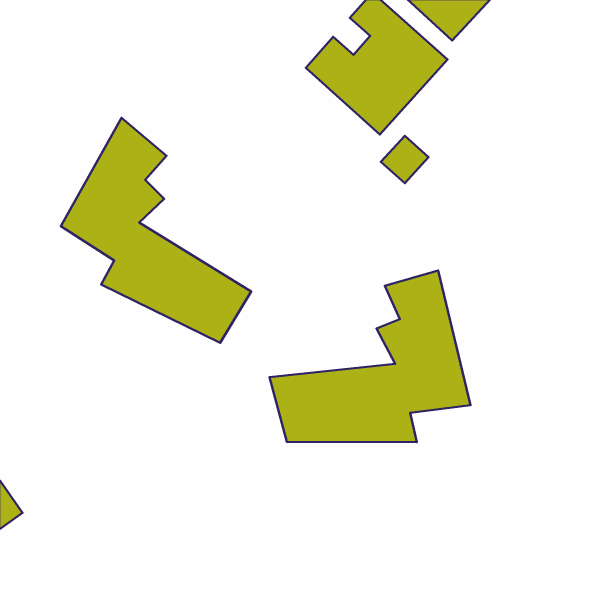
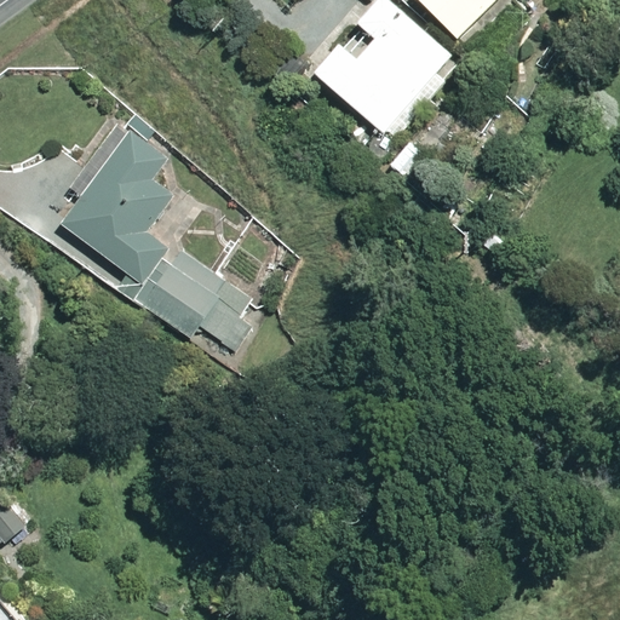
building: [269,271,471,442] -> none

